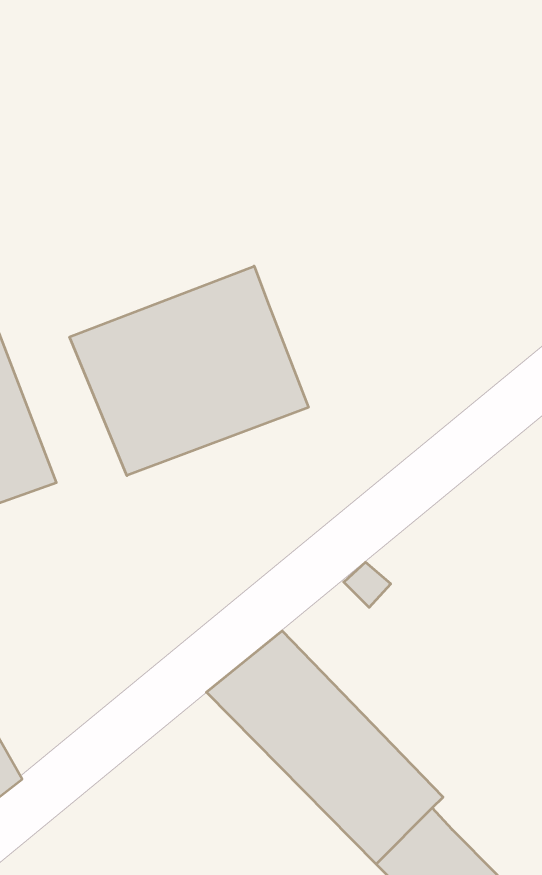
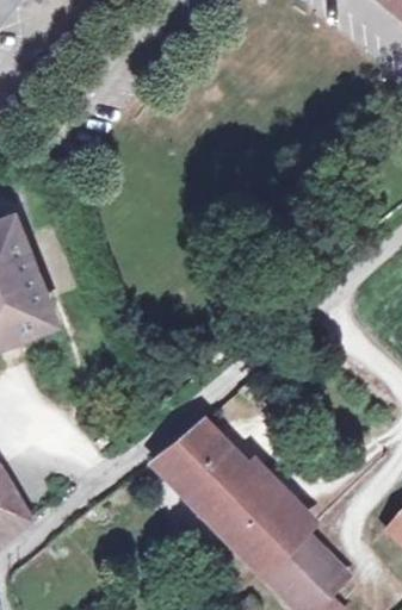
building: [70,266,308,476] -> none

